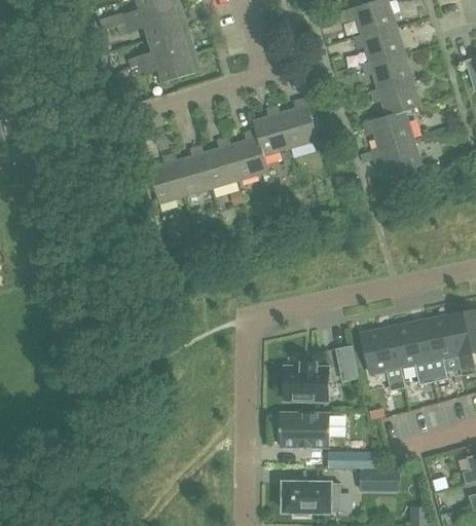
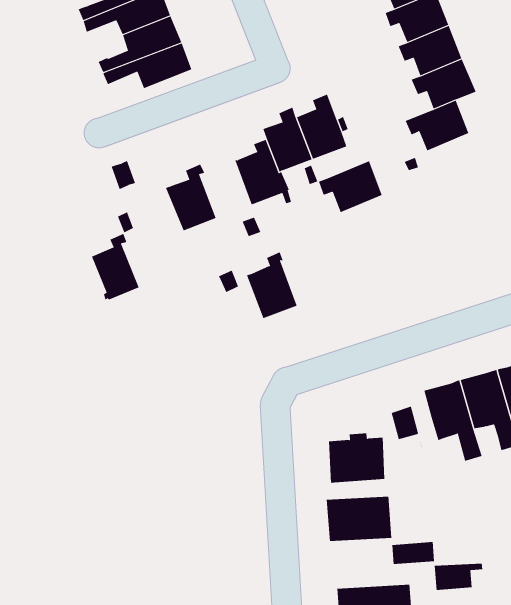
building: [200,136,239,187] -> [246,251,297,319]
building: [371,136,420,175] -> [318,160,382,213]
building: [148,152,184,203] -> [91,233,140,301]

